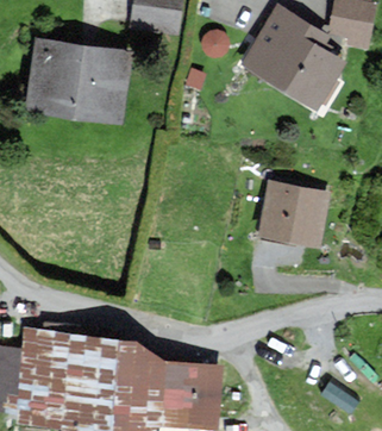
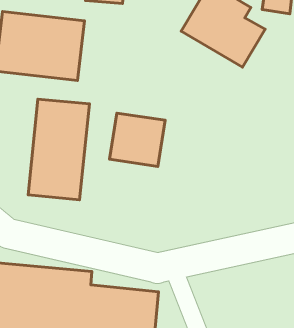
building: none -> [28,99,89,200]
building: [262,182,326,244] -> [110,113,165,166]

